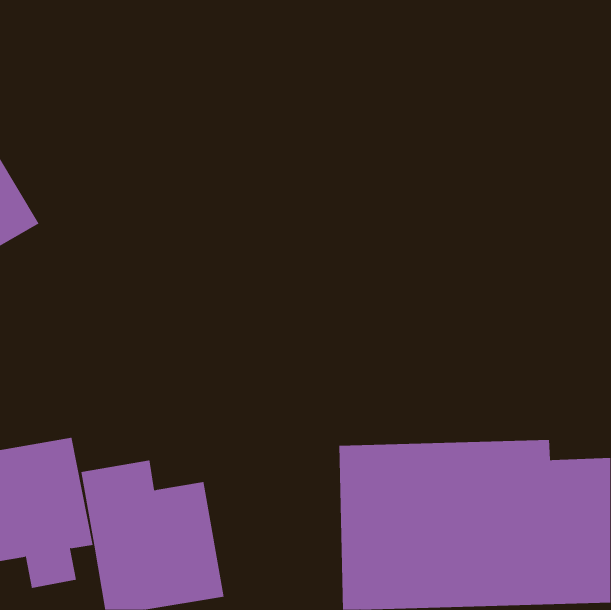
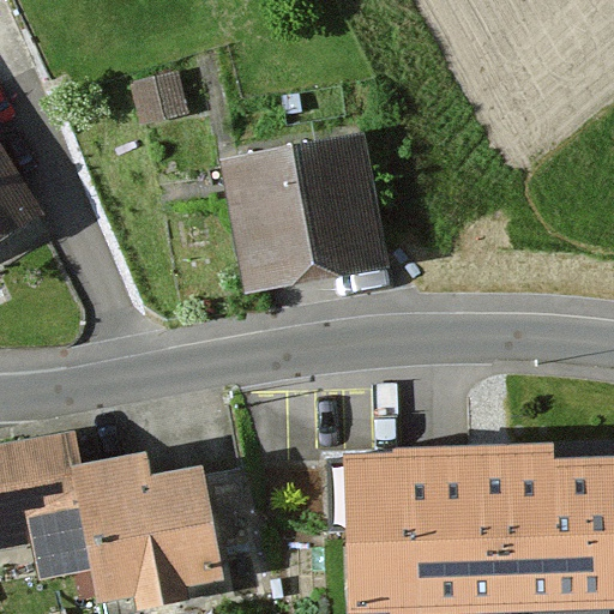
building: none -> [227,139,392,299]

